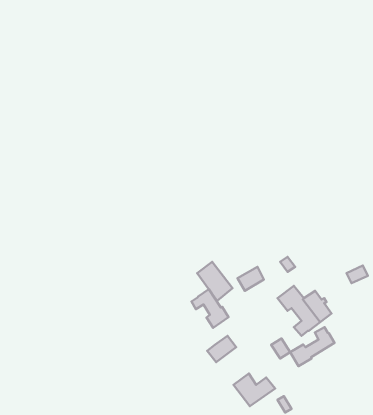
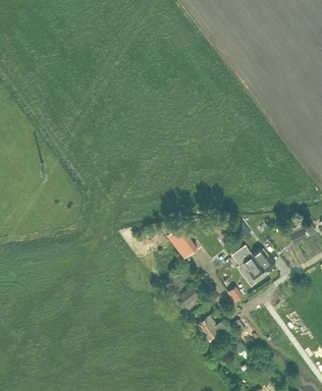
building: [191,289,229,328] -> none
building: [290,327,334,366] -> none

